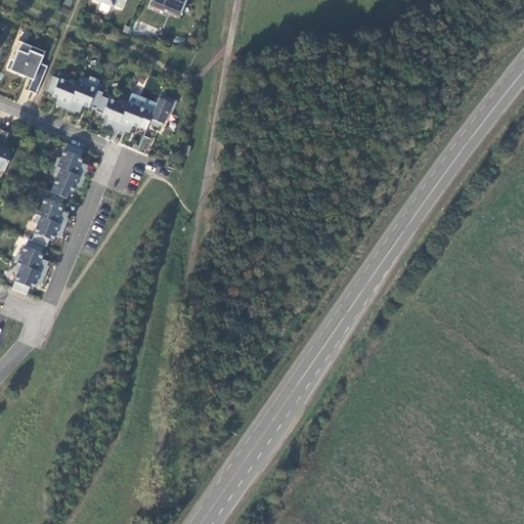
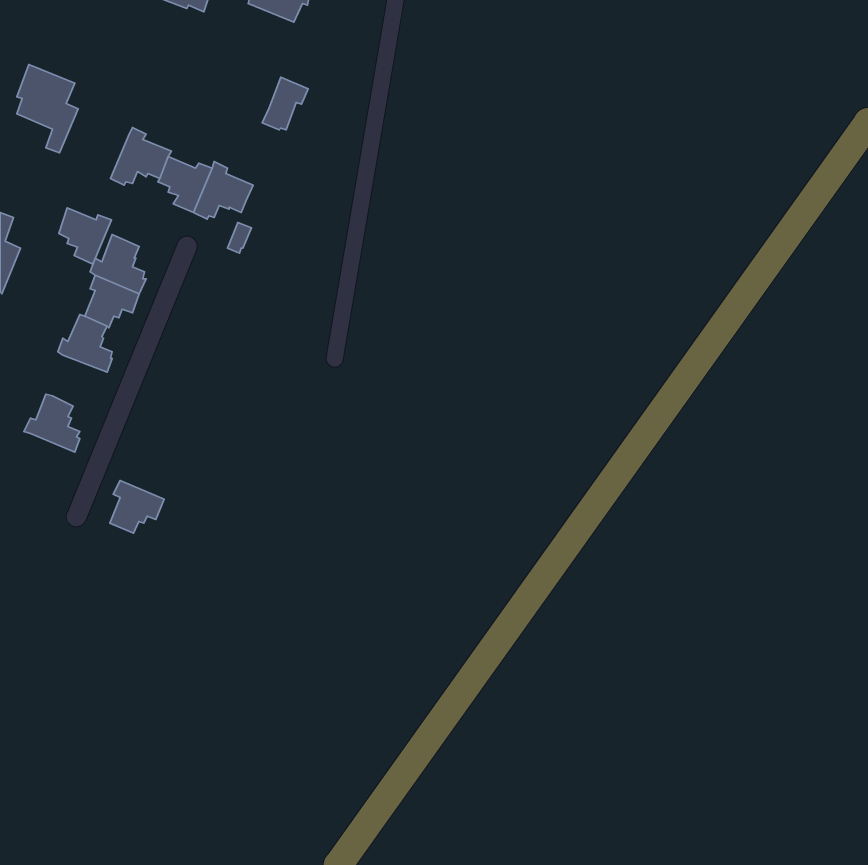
building: [46,74,78,107] -> [59,208,111,264]
building: [148,93,176,125] -> [262,77,308,130]
building: [32,214,64,246] -> none
building: [12,261,45,293] -> [110,481,164,533]

